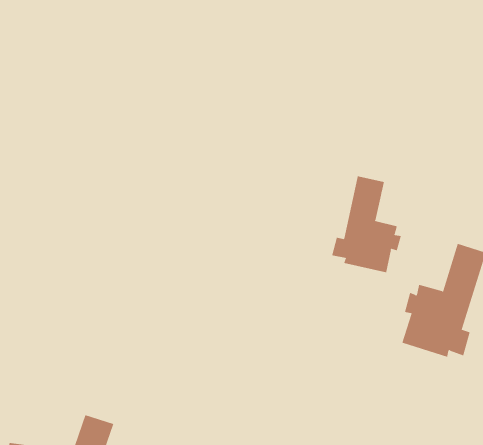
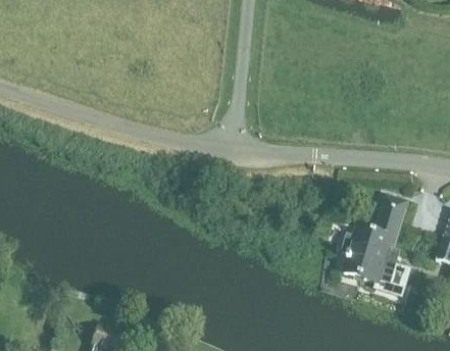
building: [331,176,402,273] -> none

